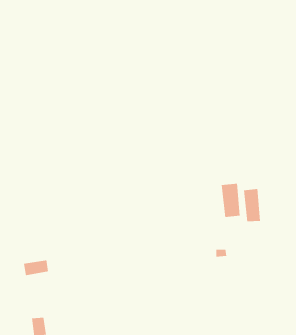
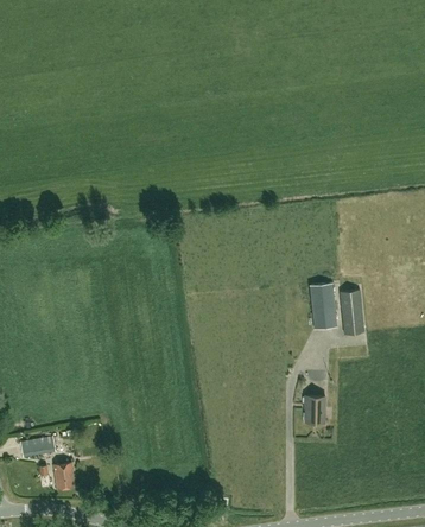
building: [23,260,49,276] -> [19,437,53,458]
building: none -> [303,396,324,424]

